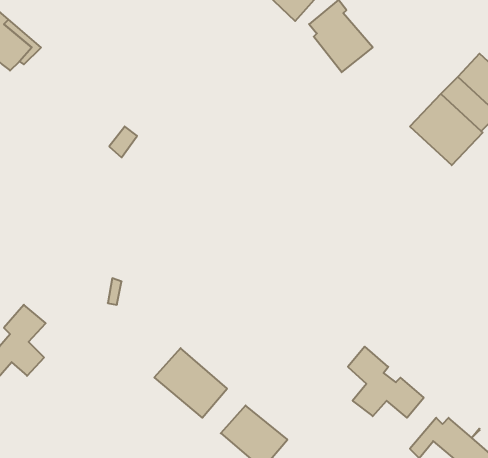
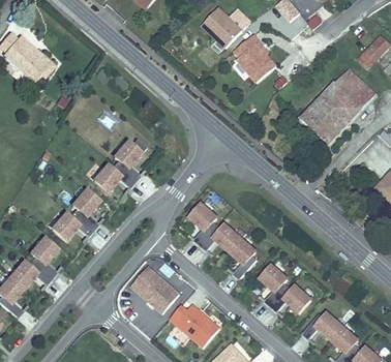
building: none -> [93,138,147,191]
building: none -> [52,188,99,240]
building: none -> [189,204,257,279]

